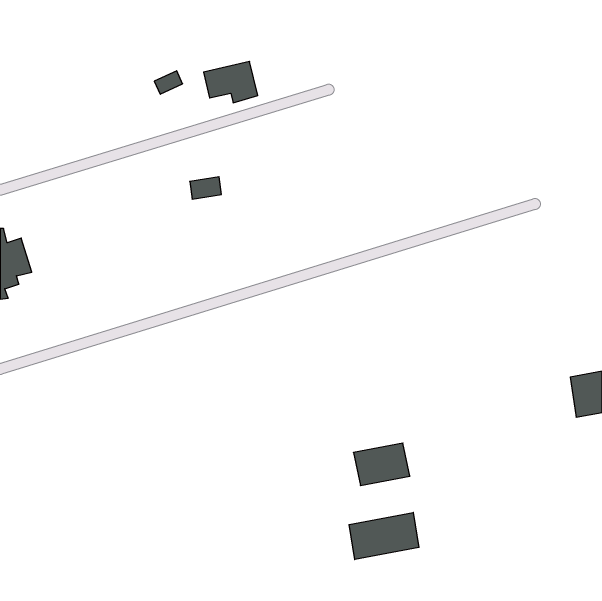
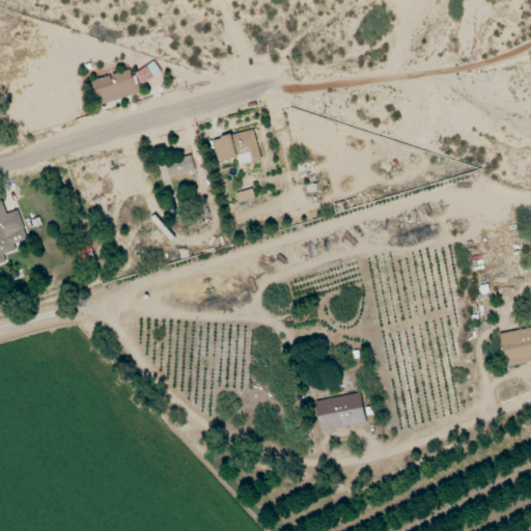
building: [204,61,258,103] -> [214,130,261,166]
building: none -> [92,69,139,105]
building: [349,512,419,560] -> none

